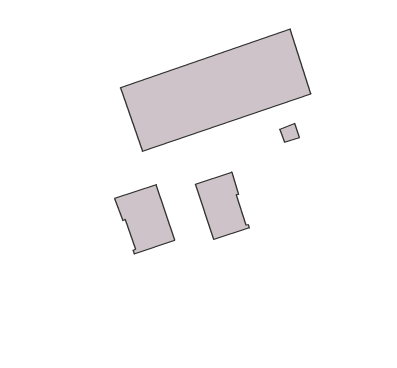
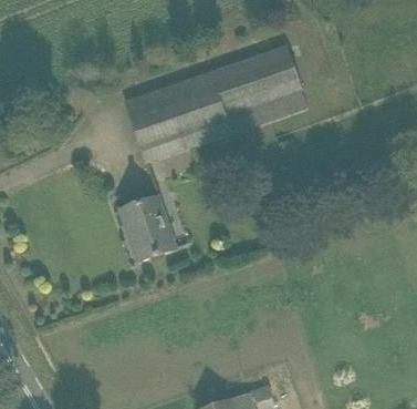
building: [195,172,249,239] -> none

